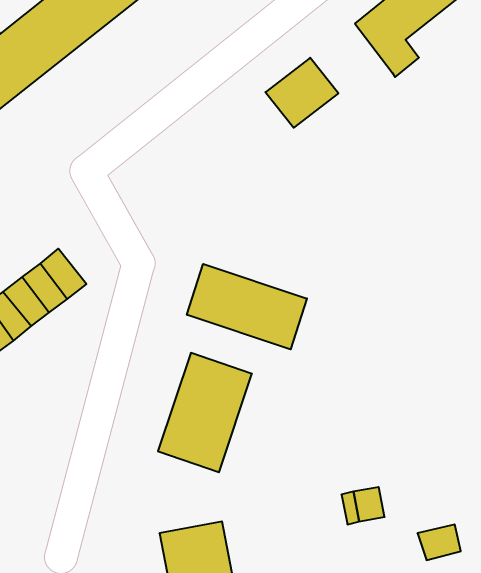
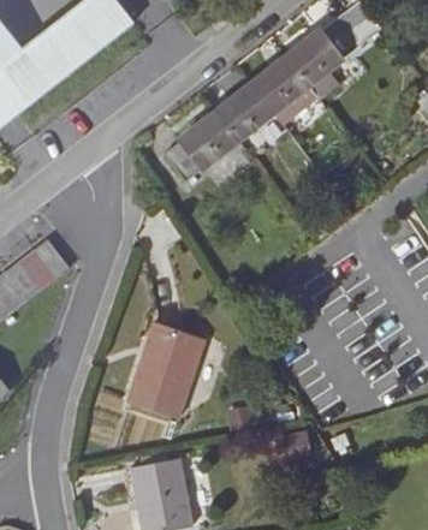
building: none -> [252,55,319,124]
building: none -> [165,111,239,181]
building: [187,264,307,349] -> none

